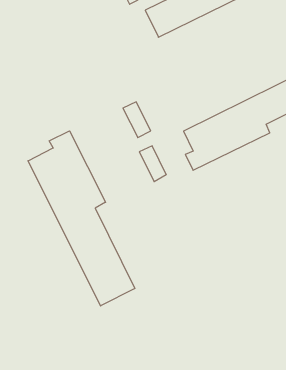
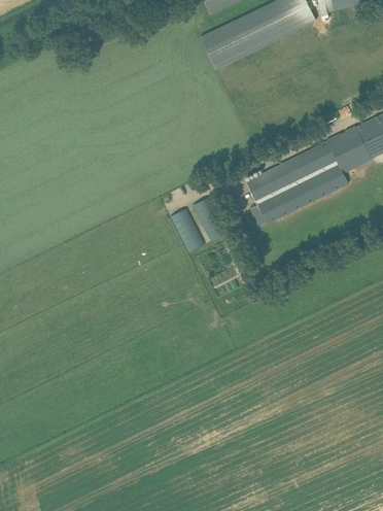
building: [123,102,151,138] -> [171,208,204,250]
building: [28,131,135,306] -> none

